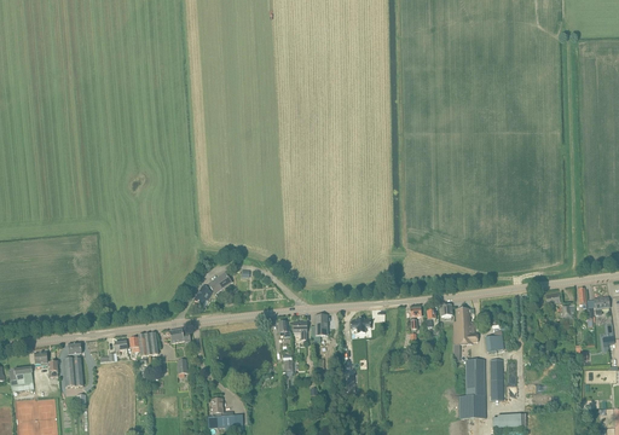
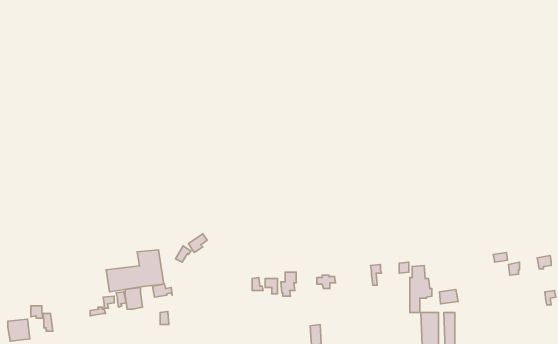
building: none -> [106,250,164,292]
building: [64,342,83,387] -> none

